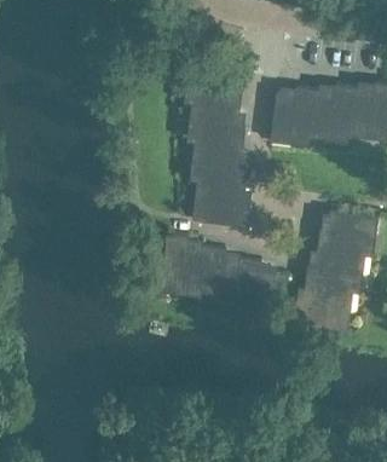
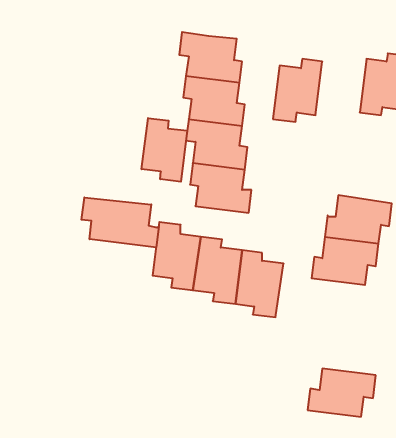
building: [310,82,356,138] -> none
building: none -> [142,118,187,182]
building: none -> [81,197,159,248]
building: [293,283,354,327] -> [308,369,376,417]

